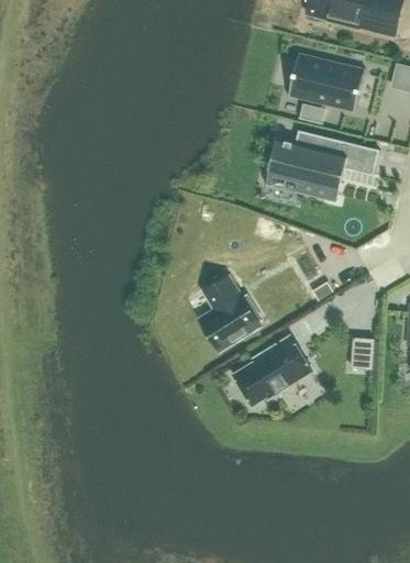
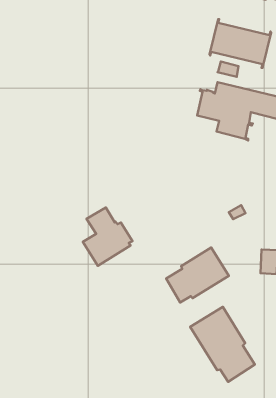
building: [200,276,262,349] -> [83,207,132,266]
building: none -> [190,307,255,382]

